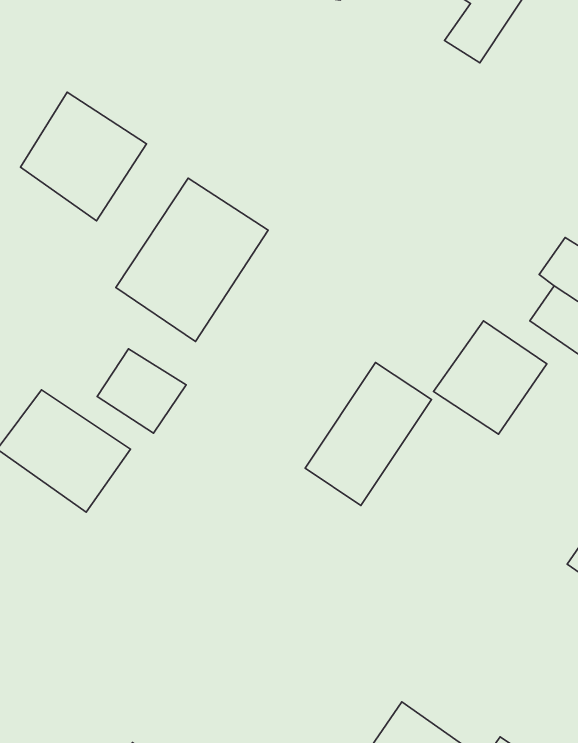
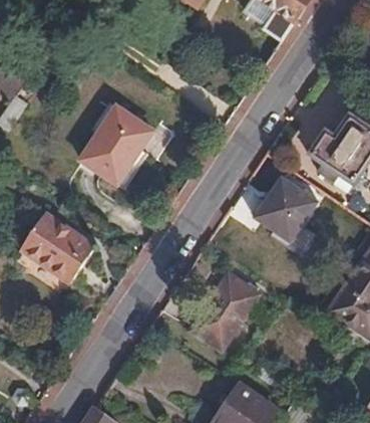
building: [20,92,147,221] -> none
building: [97,349,186,433] -> none
building: [305,362,431,505] -> [190,272,258,350]

